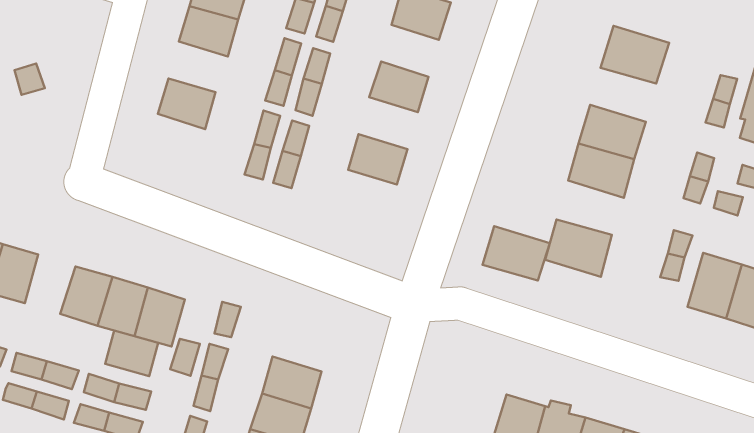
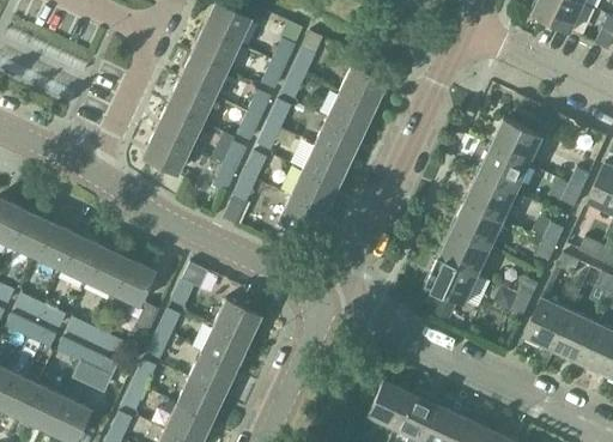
building: none -> [327,92,372,135]
building: none -> [166,80,213,122]
building: none -> [478,149,529,194]
building: none -> [302,144,348,187]
building: none -> [141,132,188,175]
building: none -> [277,195,324,238]
building: [482,226,550,280] -> [439,229,492,274]
building: none -> [34,223,75,270]
building: none -> [212,299,260,343]
building: [105,330,158,376] -> none

